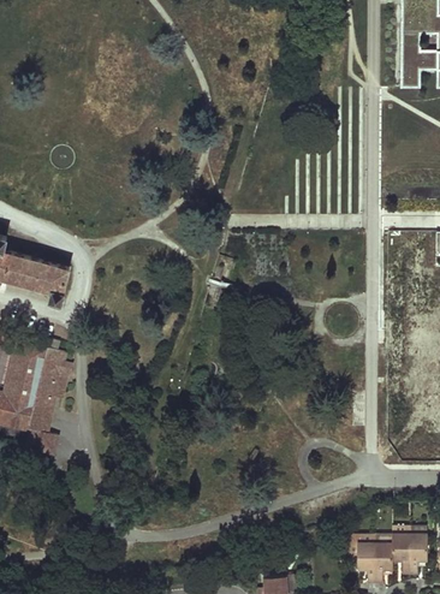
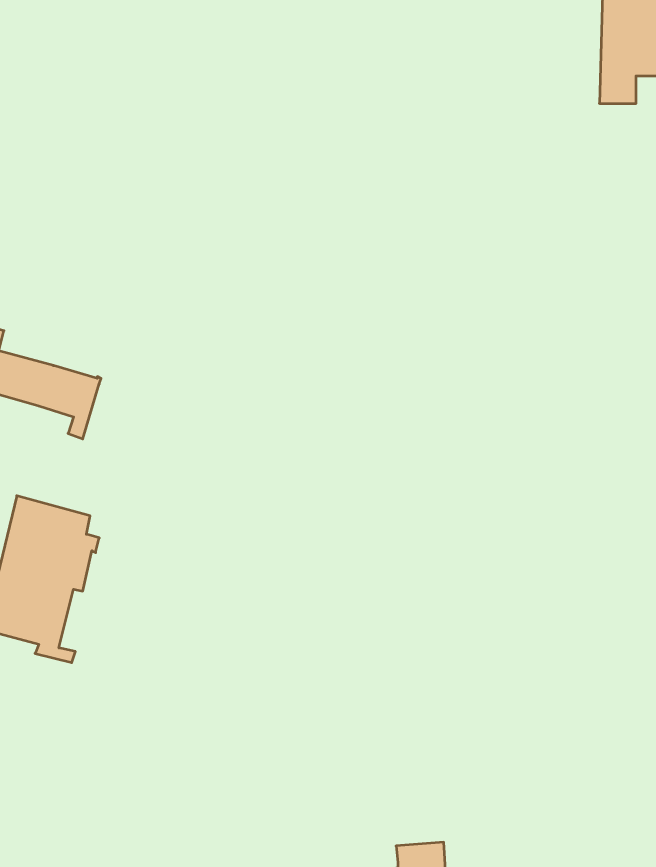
building: [358,531,428,578] -> none

